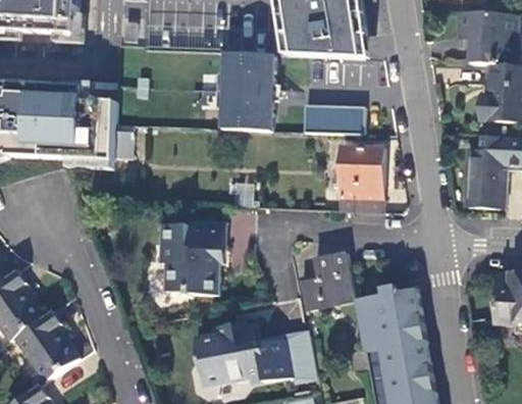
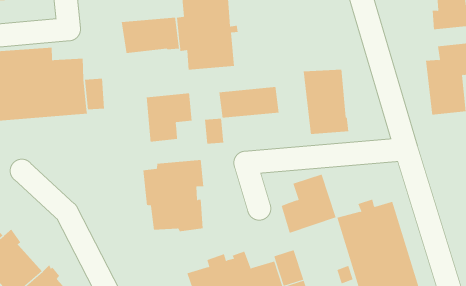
building: none -> [121,17,179,54]
building: [304,103,364,133] -> [219,87,280,118]
building: none -> [146,93,192,143]

